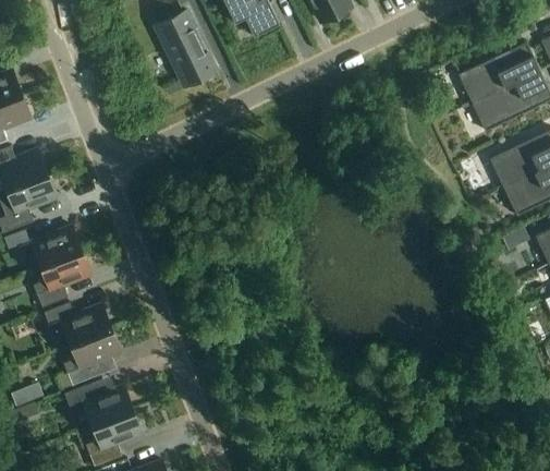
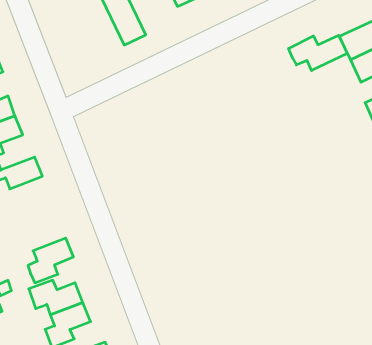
building: none -> [289,35,347,71]
building: [33,250,90,307] -> none
building: [44,302,111,345] -> none

